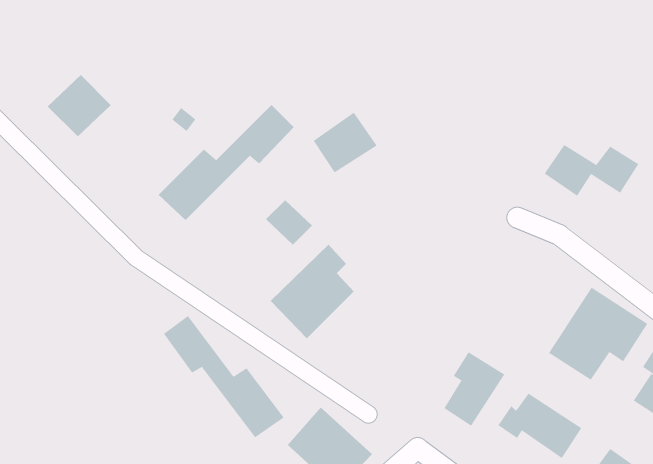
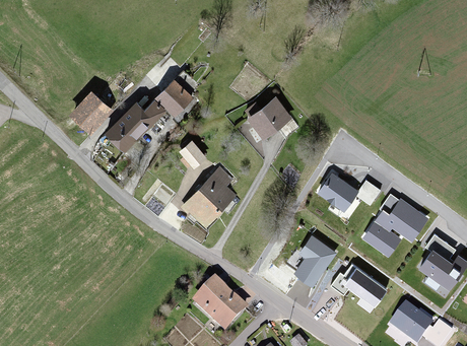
building: [47,74,111,137] -> [69,88,112,130]
building: [313,112,377,173] -> [248,94,290,135]
building: [544,144,639,196] -> [319,176,382,210]
building: [163,315,285,438] -> none

